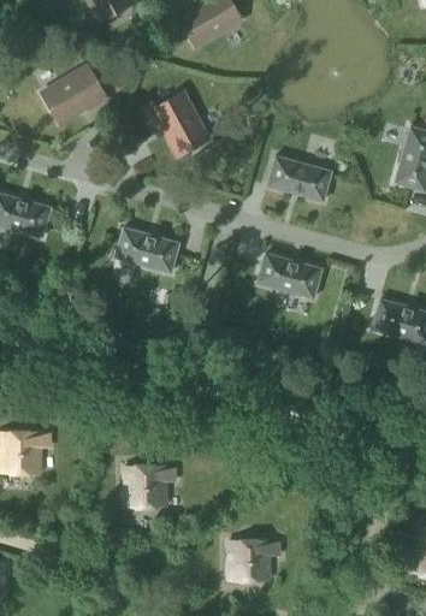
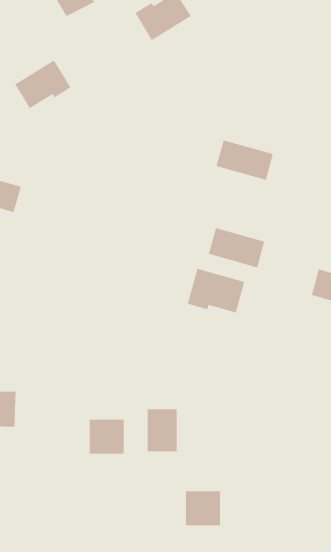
building: [150,93,208,154] -> none
building: [116,227,179,273] -> none
building: none -> [187,268,245,314]
building: none -> [147,409,178,452]

